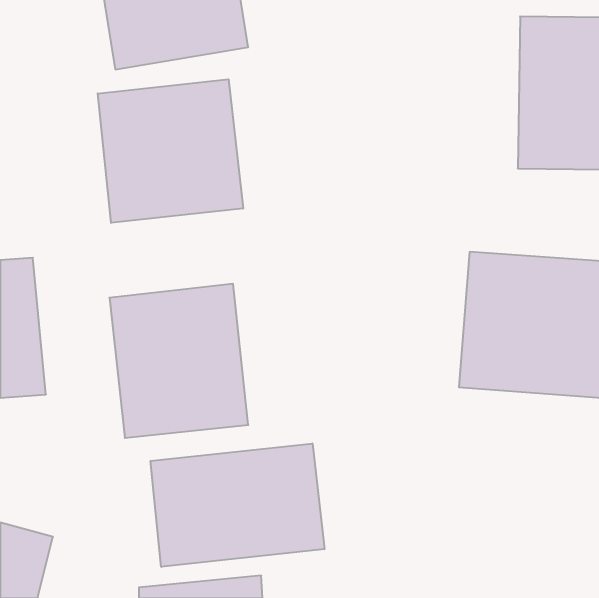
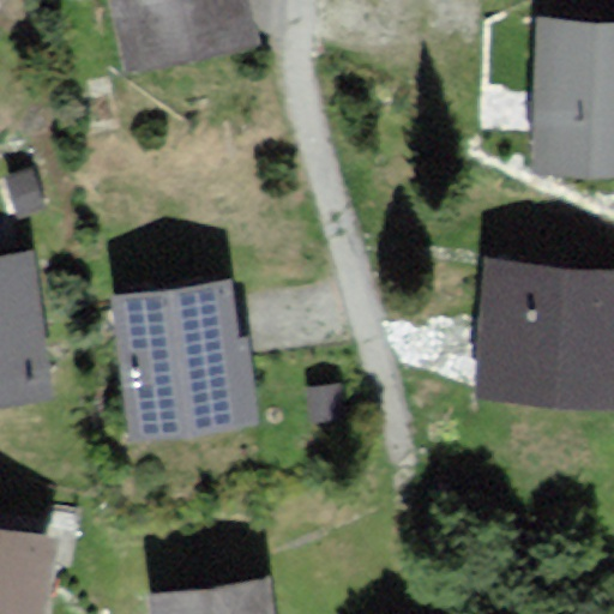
building: [98,79,243,223] -> none
building: [151,443,324,567] -> none

